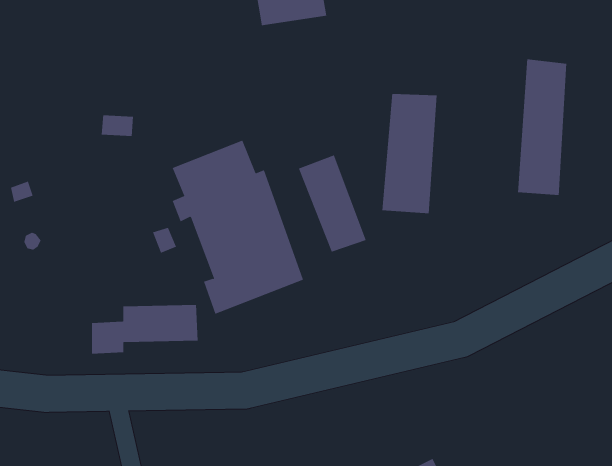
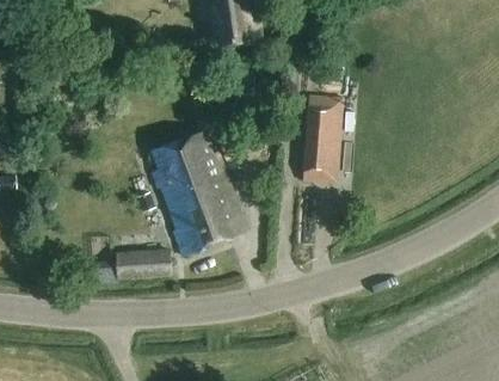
building: [518,59,567,196] -> none
building: [298,155,367,252] -> none

